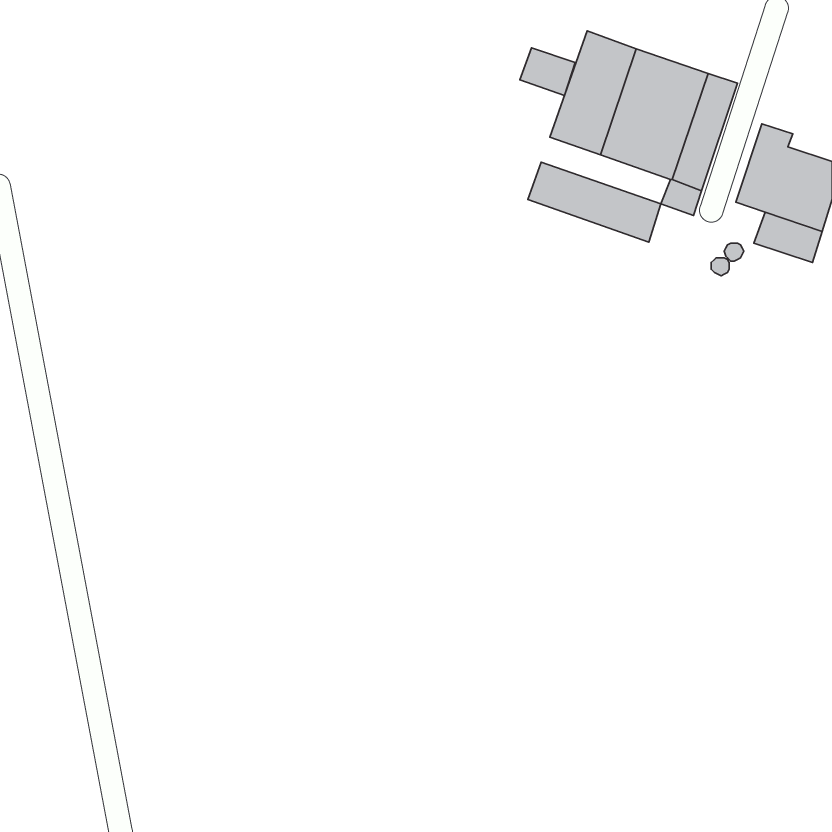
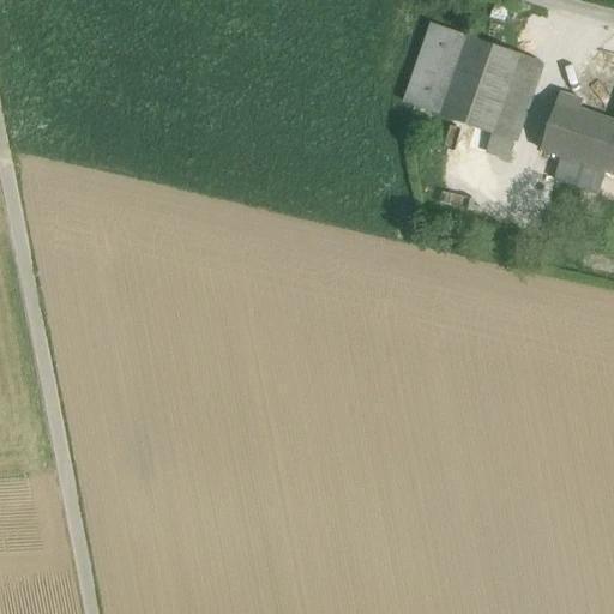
building: [520,48,575,96] -> none
building: [528,162,661,242] -> none

